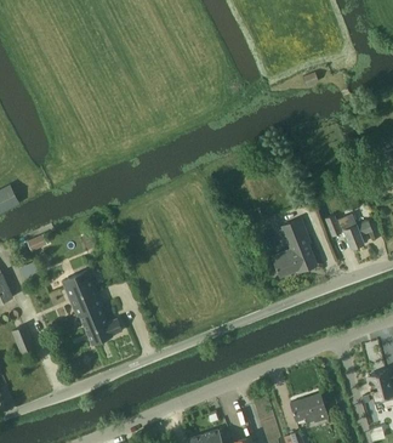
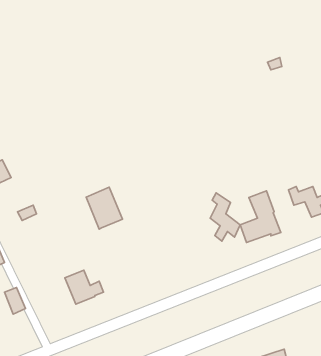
building: none -> [210,193,240,241]
building: [62,269,102,316] -> [86,187,122,229]

